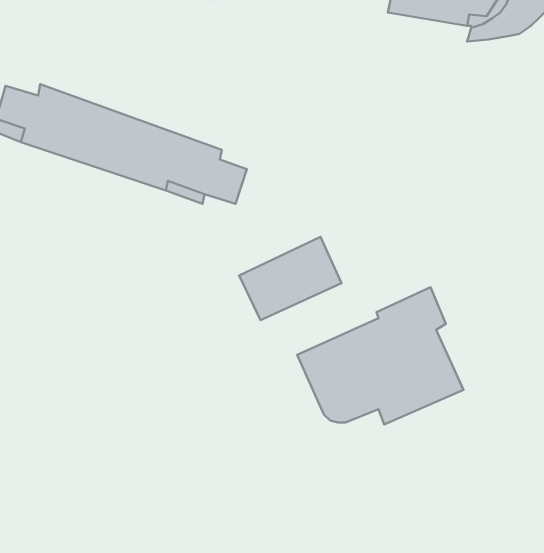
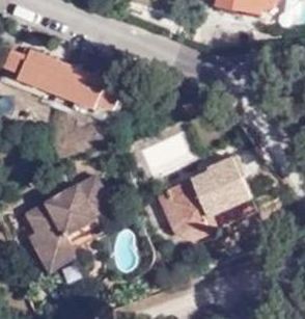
building: none -> [24,175,110,269]

